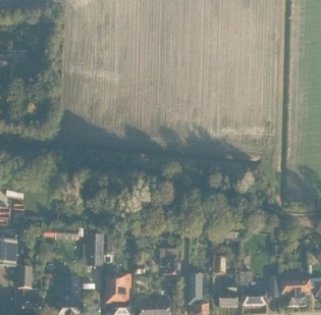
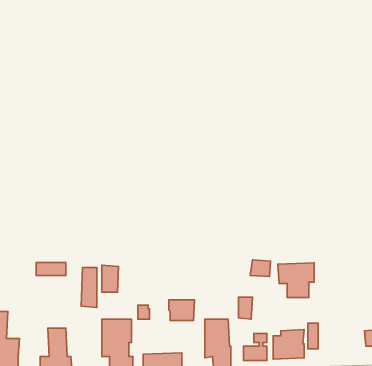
building: [279,276,308,304] -> [278,263,314,298]

